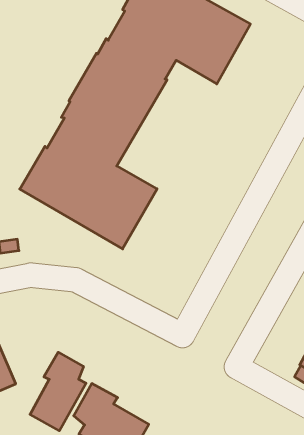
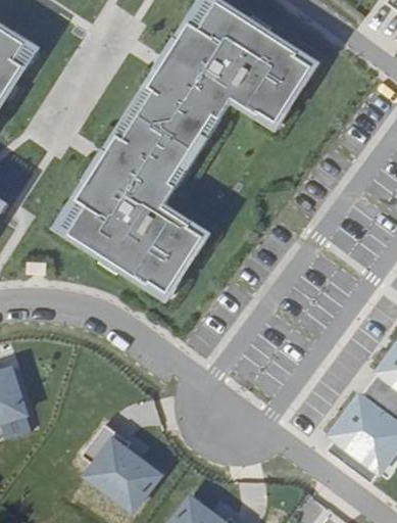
building: [30,352,86,431] -> none

